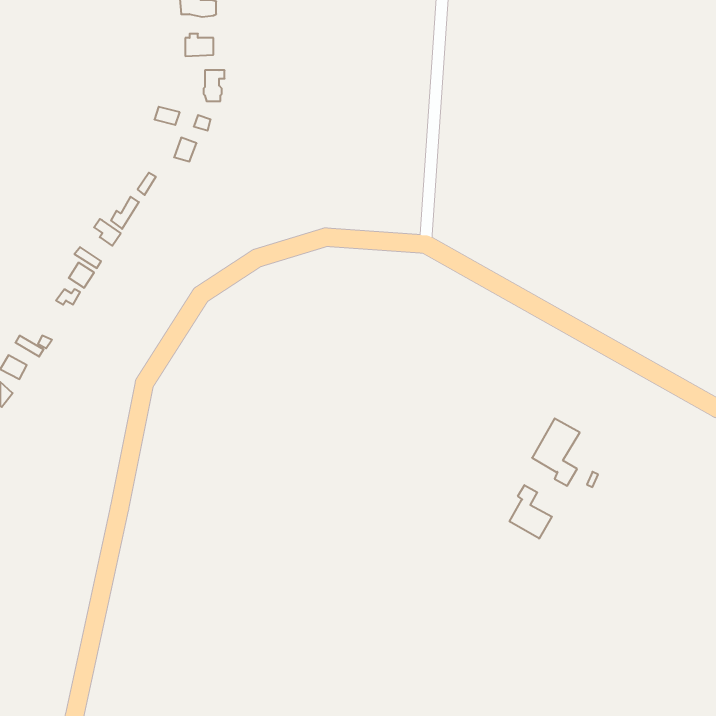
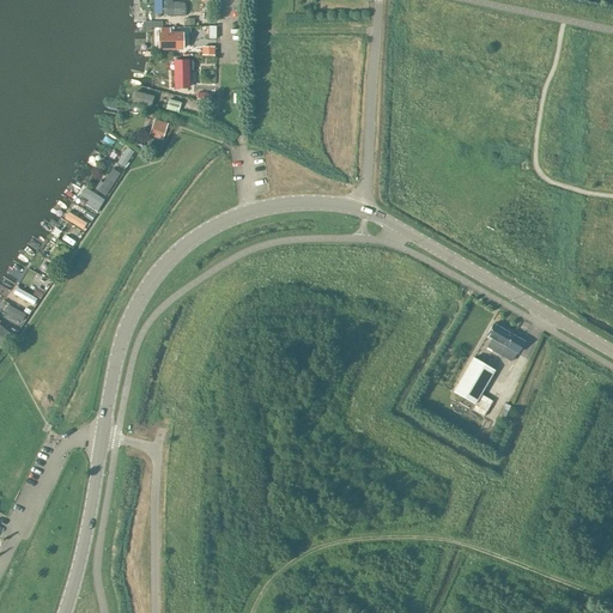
building: none -> [488,322,526,359]
building: [510,485,552,539] -> none

